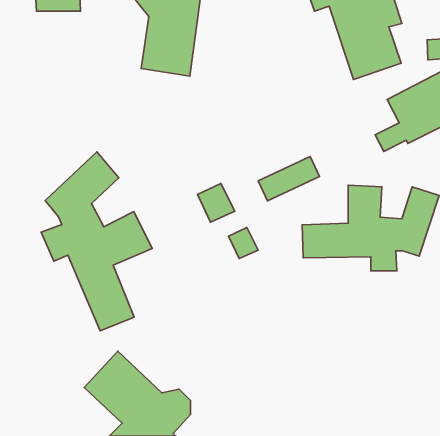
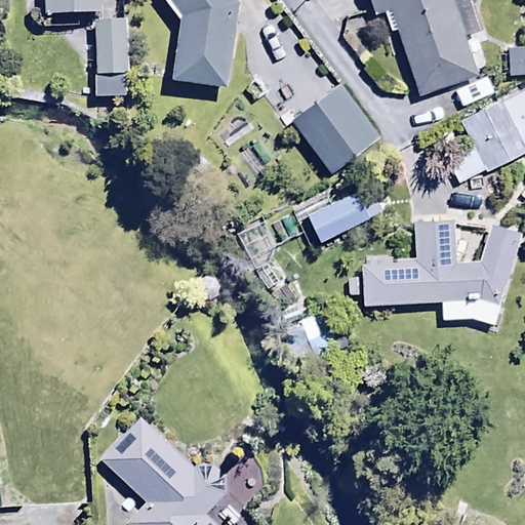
building: none -> [94,18,129,95]
building: none -> [291,81,380,171]
building: [41,152,152,331] -> none

